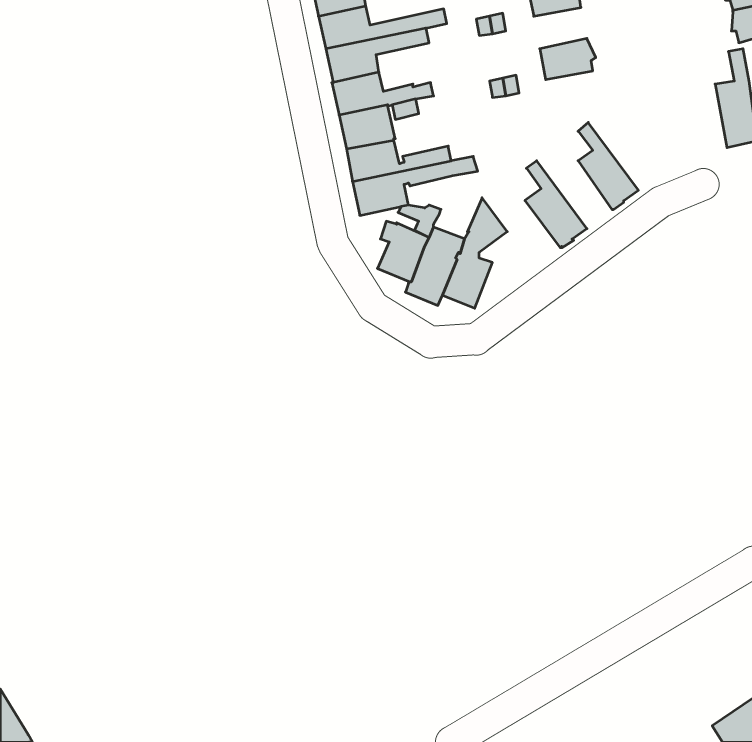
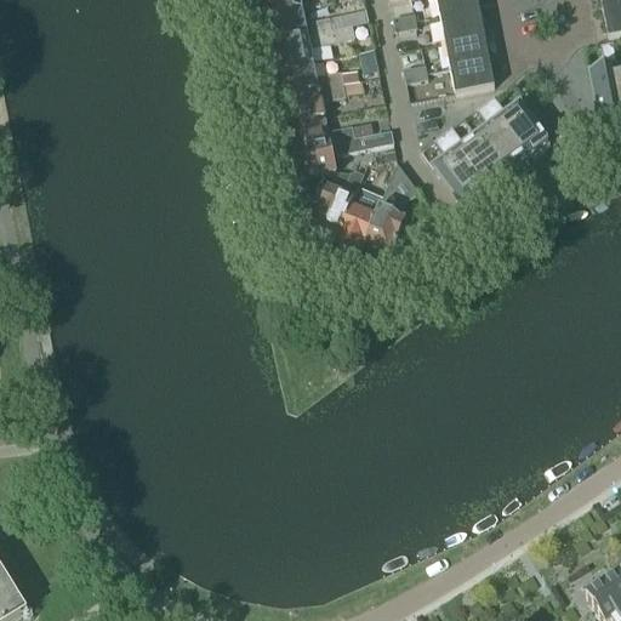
building: none -> [440,6,486,40]
building: none -> [450,58,496,91]
building: none -> [485,95,549,158]
building: none -> [443,125,505,188]

